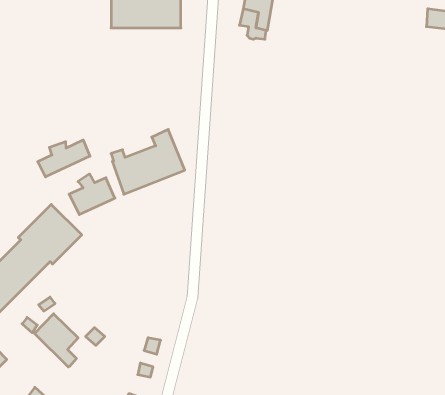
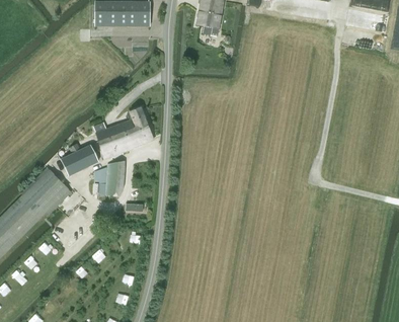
building: [38,140,90,177] -> none
building: none -> [94,160,125,194]
building: [35,314,78,367] -> none

